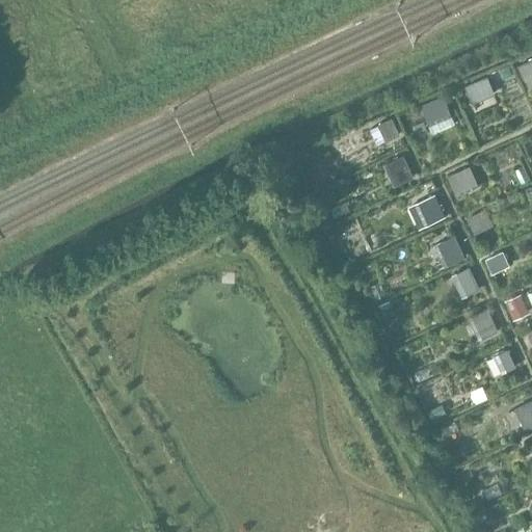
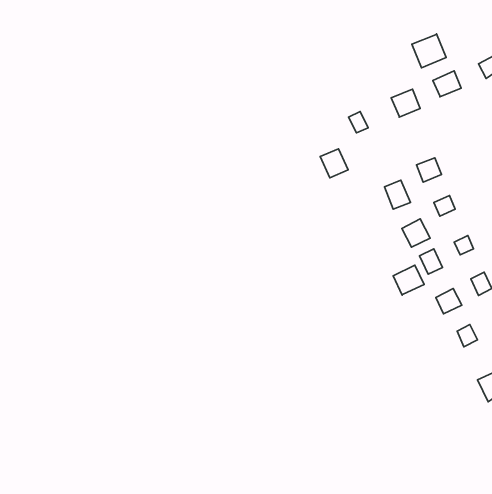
building: none -> [412,34,446,68]
building: [382,156,413,187] -> [320,149,348,178]
building: none -> [393,265,424,295]

